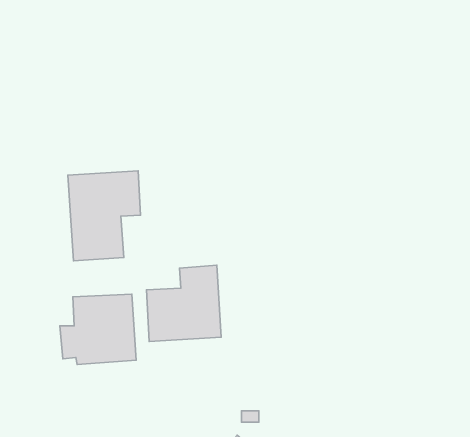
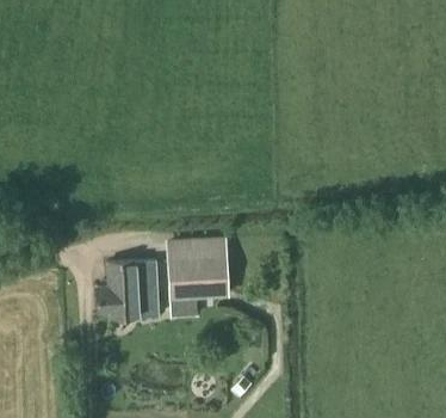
building: [68,171,140,261] -> none

